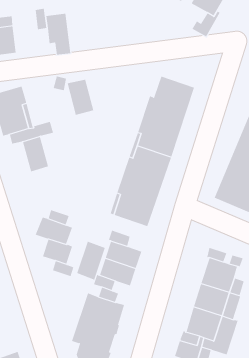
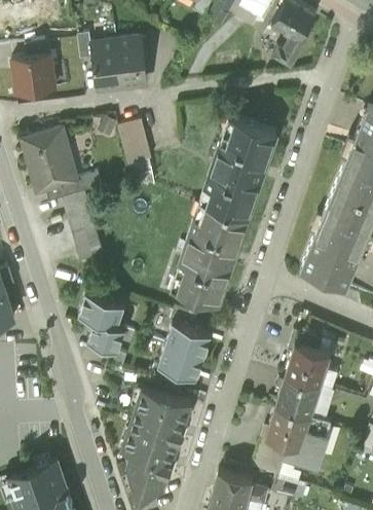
building: none -> [117,35,147,88]
building: none -> [73,229,103,261]
building: [77,241,106,280] -> none

